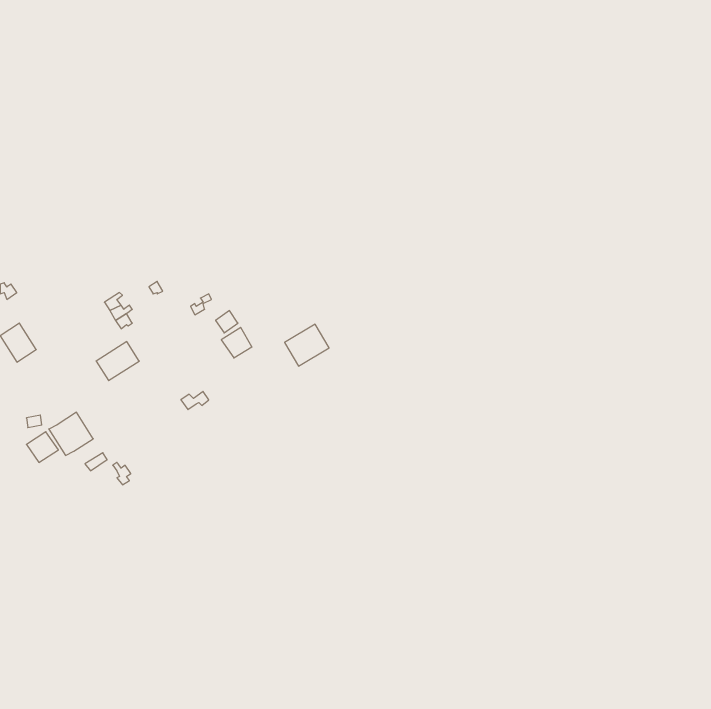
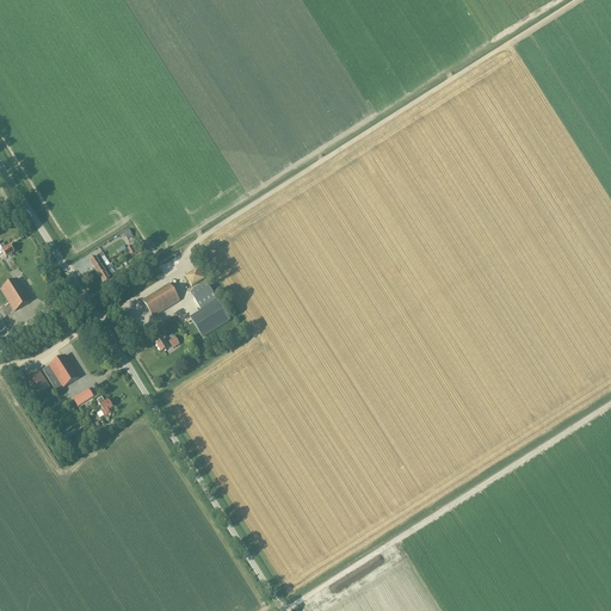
building: [285,324,329,366] -> [191,300,229,335]
building: [96,342,139,381] -> [142,282,179,315]

